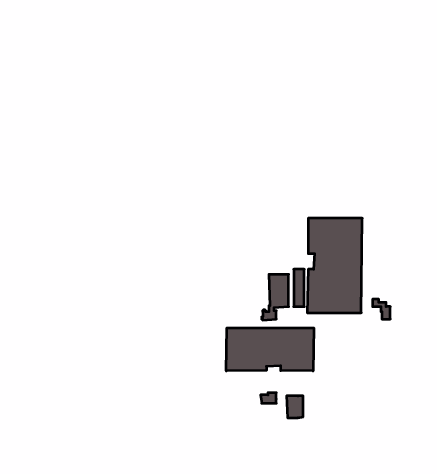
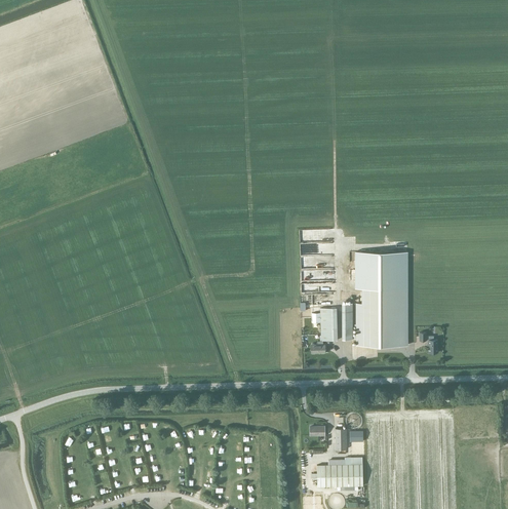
building: [226,328,314,371] -> none
building: none -> [317,457,362,487]

